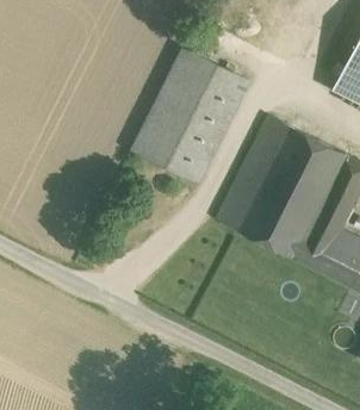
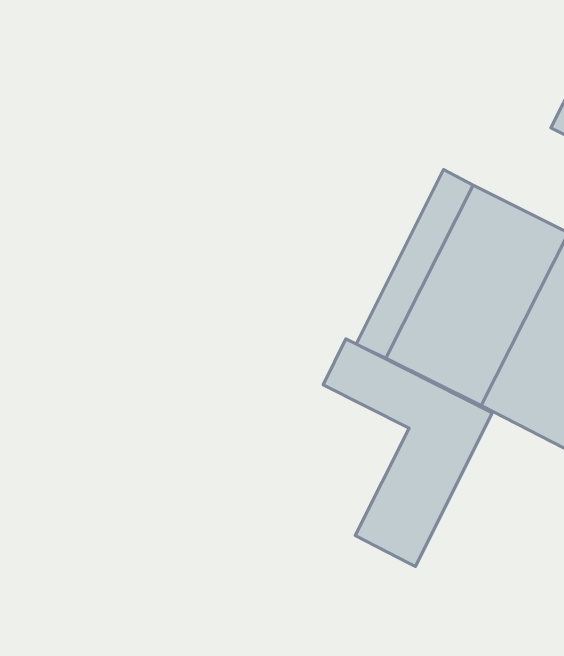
building: [131,48,249,185] -> none
building: none -> [323,339,492,566]

